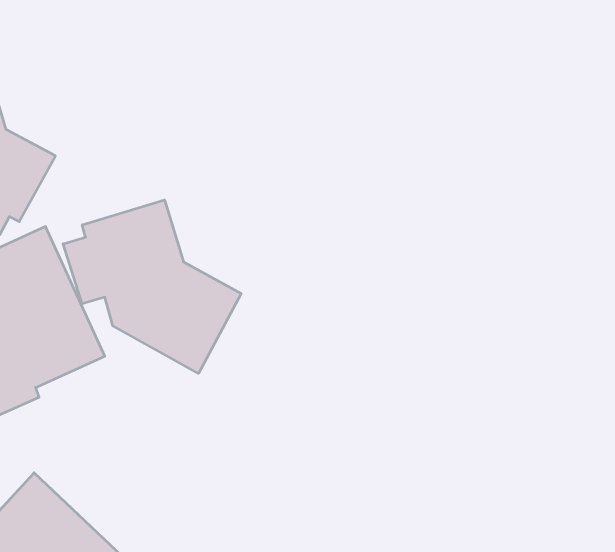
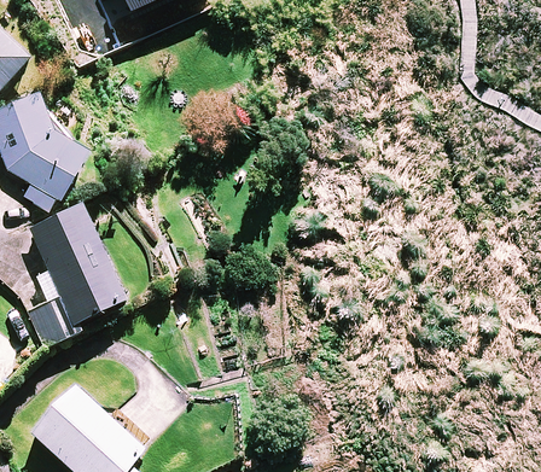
building: [63,200,241,373] -> none

